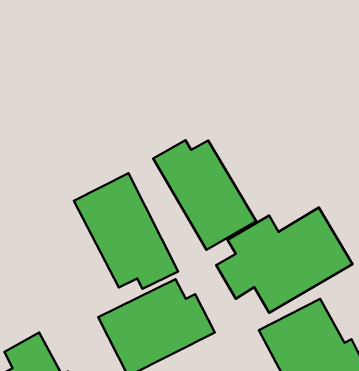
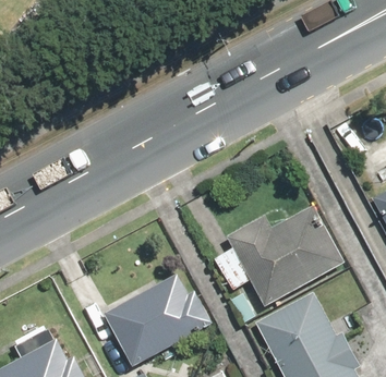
building: [153,140,256,250] -> none
building: [74,173,178,289] -> none

